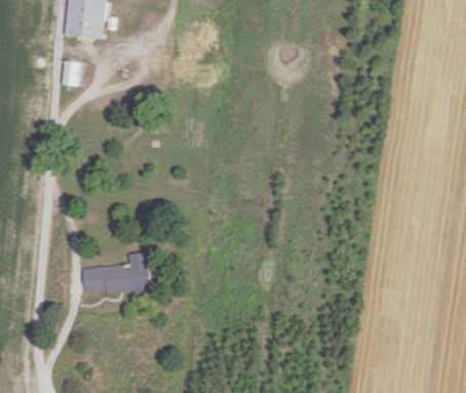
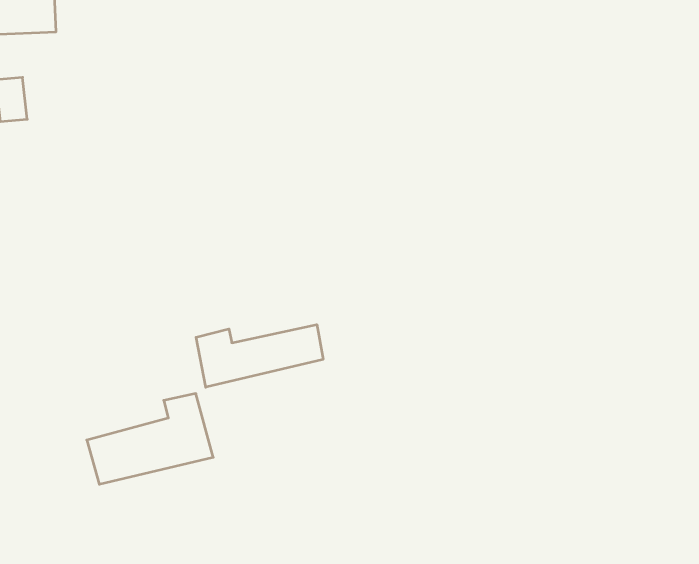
building: none -> [196,325,323,387]

